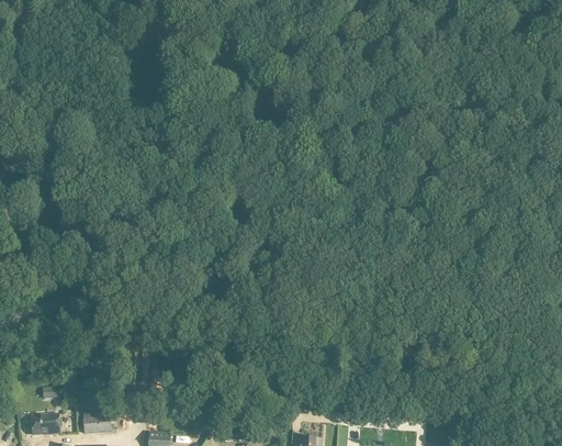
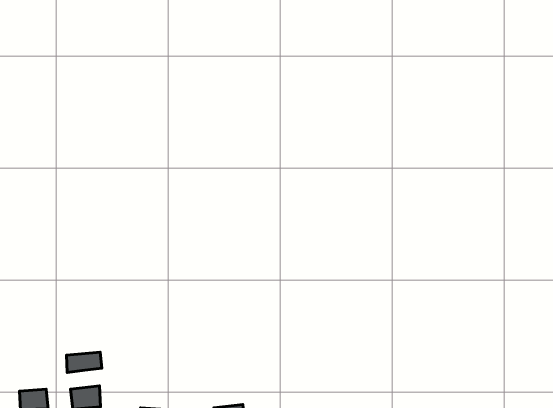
building: none -> [66,352,102,373]

